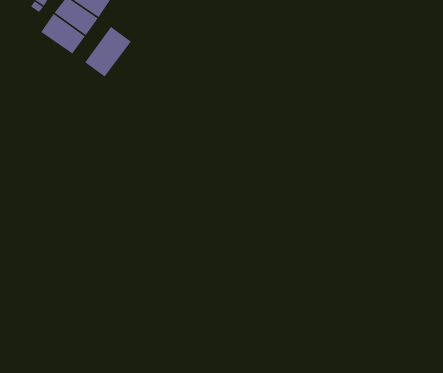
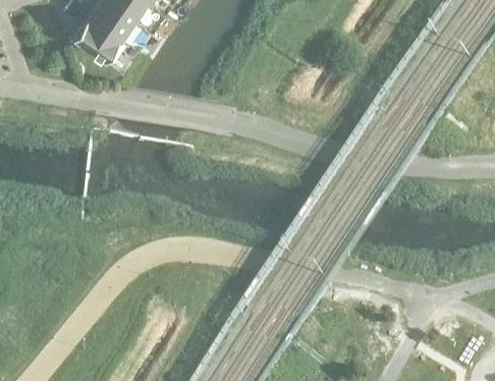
building: [84,26,132,77] -> none

